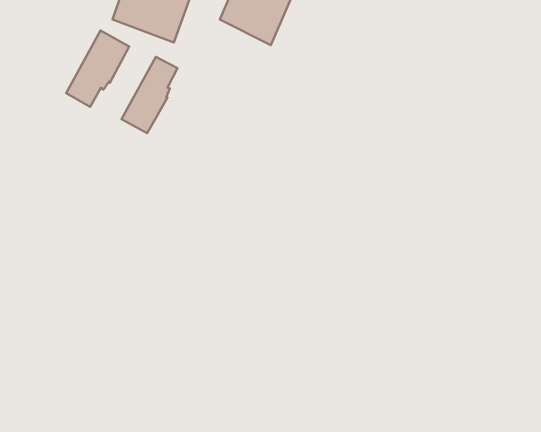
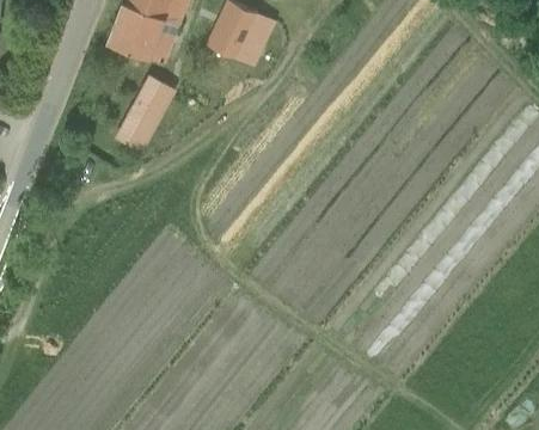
building: [66,31,129,107] -> none

